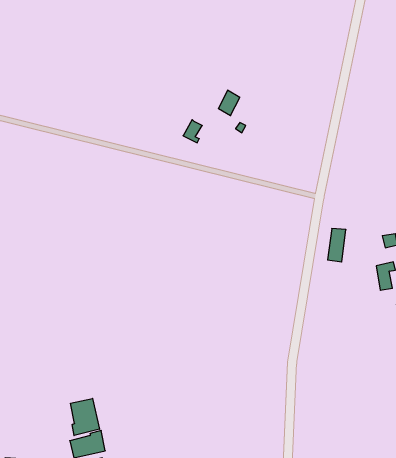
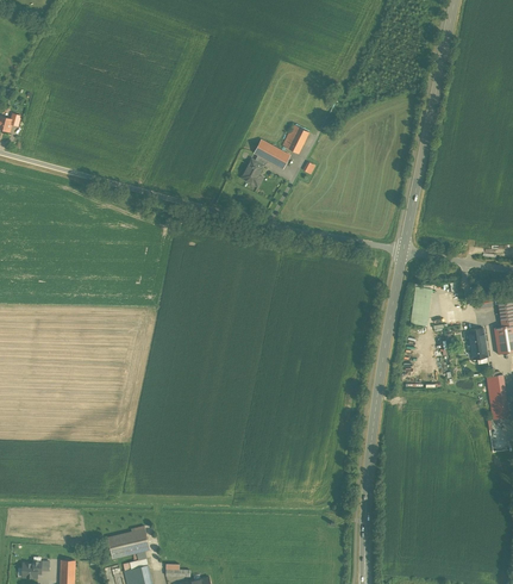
building: none -> [252,139,289,169]
building: [71,398,100,436] -> none

